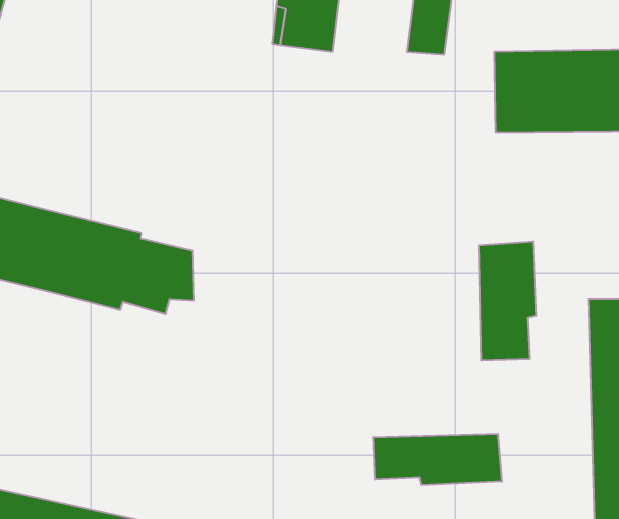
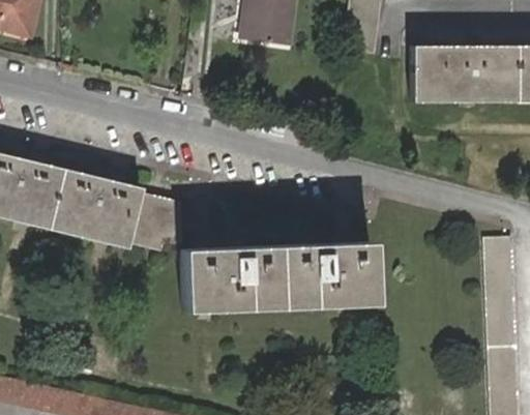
building: [479,241,536,361] -> none
building: none -> [182,241,376,310]
building: [373,434,502,485] -> none

